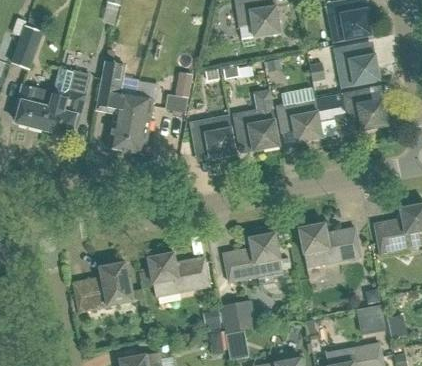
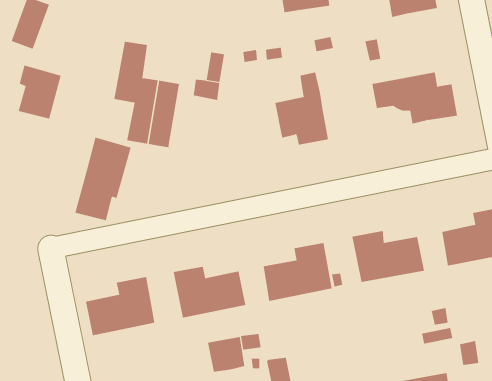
building: [334,43,380,87] -> none
building: [43,64,91,135] -> [75,137,131,221]
building: [276,98,323,142] -> none
building: [190,114,236,158] -> none
building: [223,301,255,331] -> [207,337,245,372]

